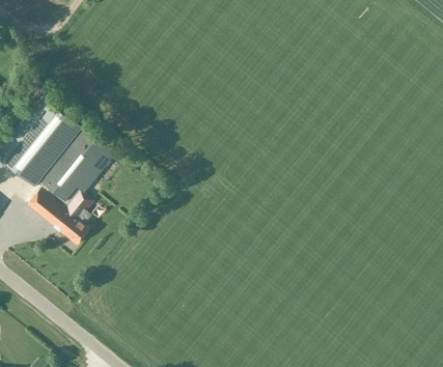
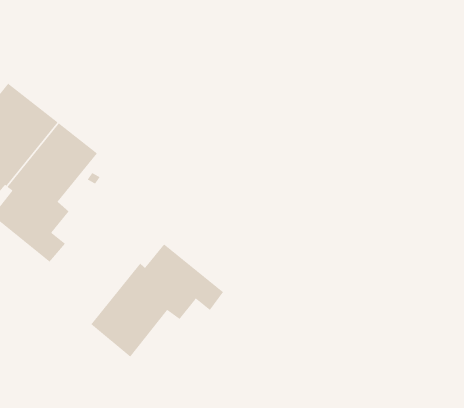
building: none -> [90,244,224,358]

